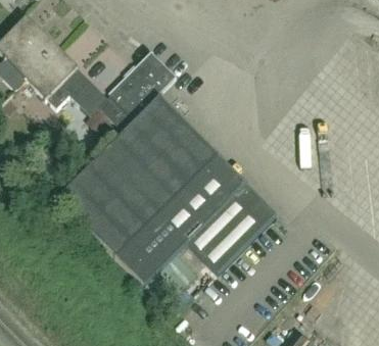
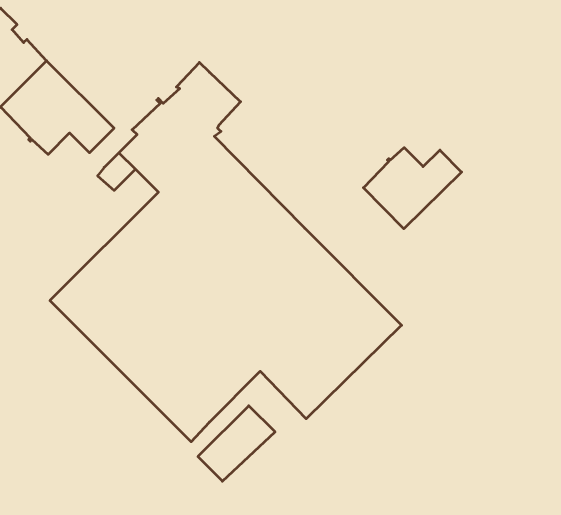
building: none -> [363,148,462,229]

